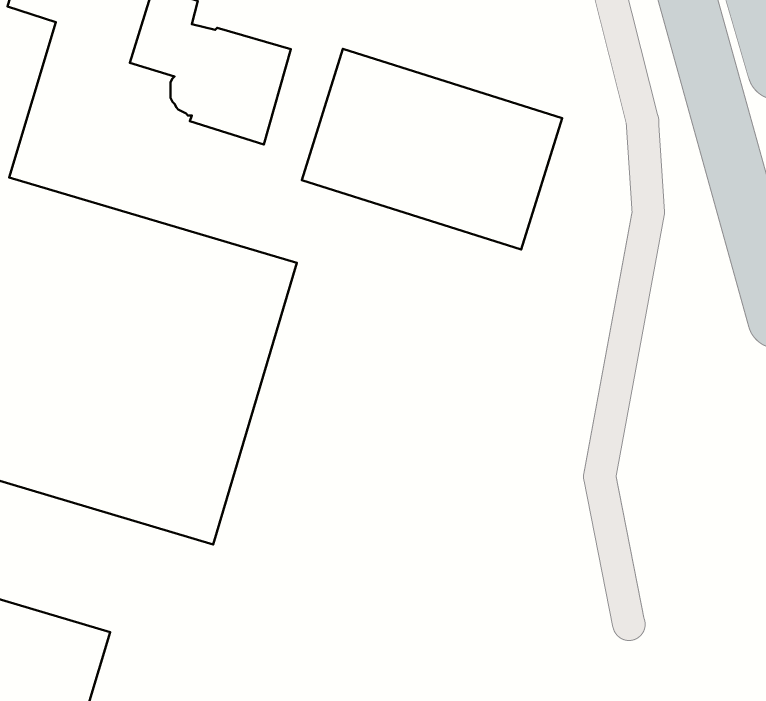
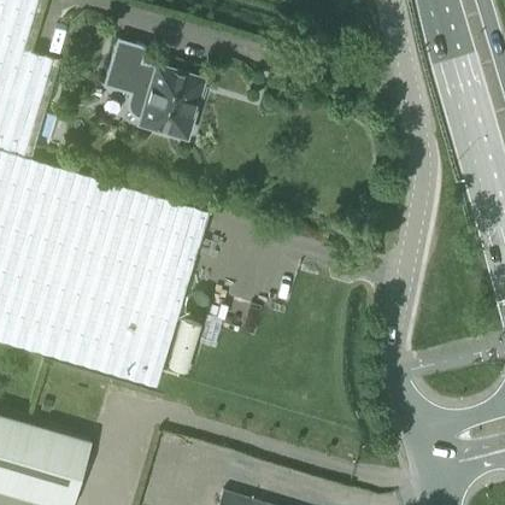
building: [302,49,562,250] -> none

